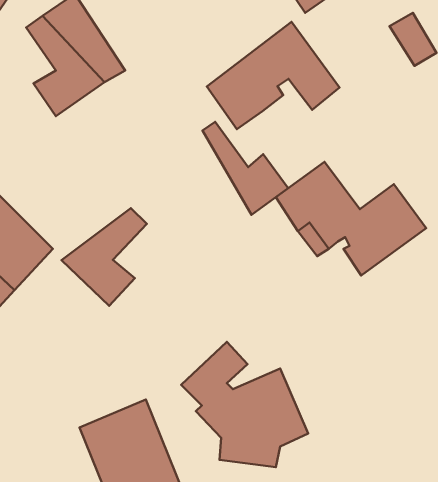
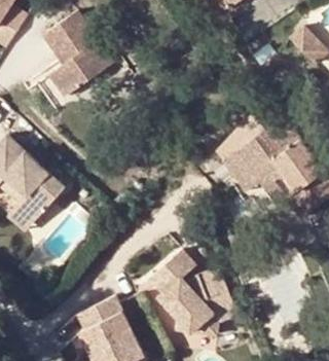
building: [207,22,339,129] -> none
building: [203,122,288,215] -> none
building: [61,208,147,306] -> none

